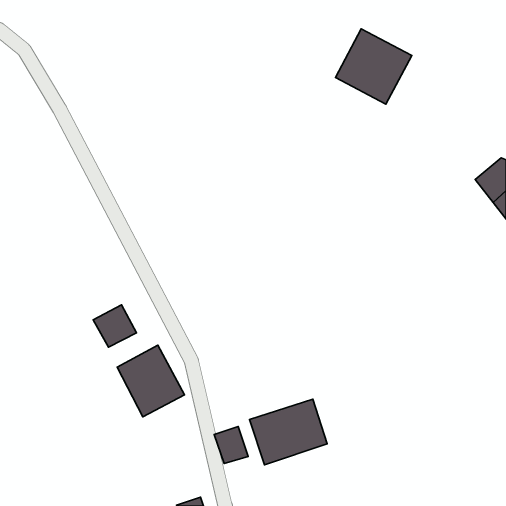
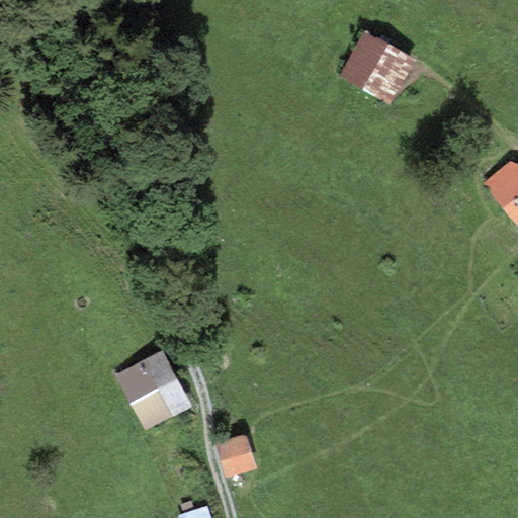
building: [93,305,136,347] -> none
building: [249,399,327,465] -> none

